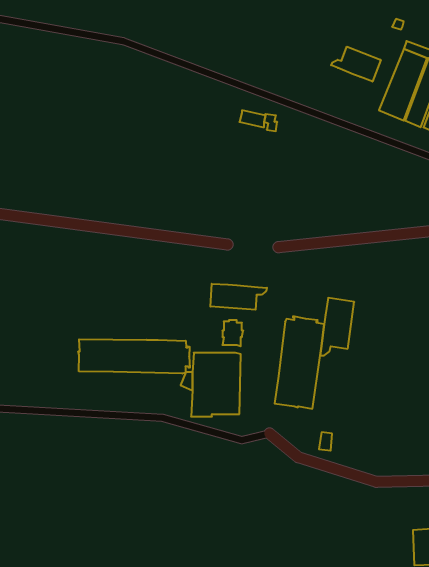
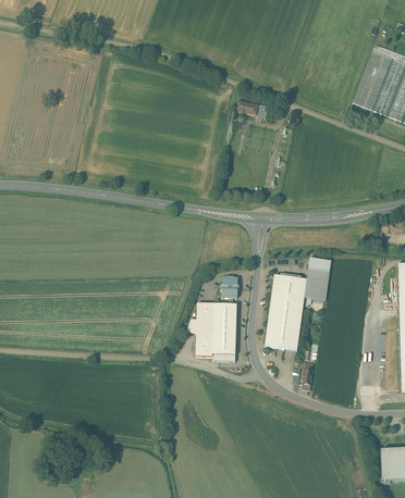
building: [331,47,381,82] -> none
building: [210,284,267,310] -> none
building: [78,339,190,374] -> none

